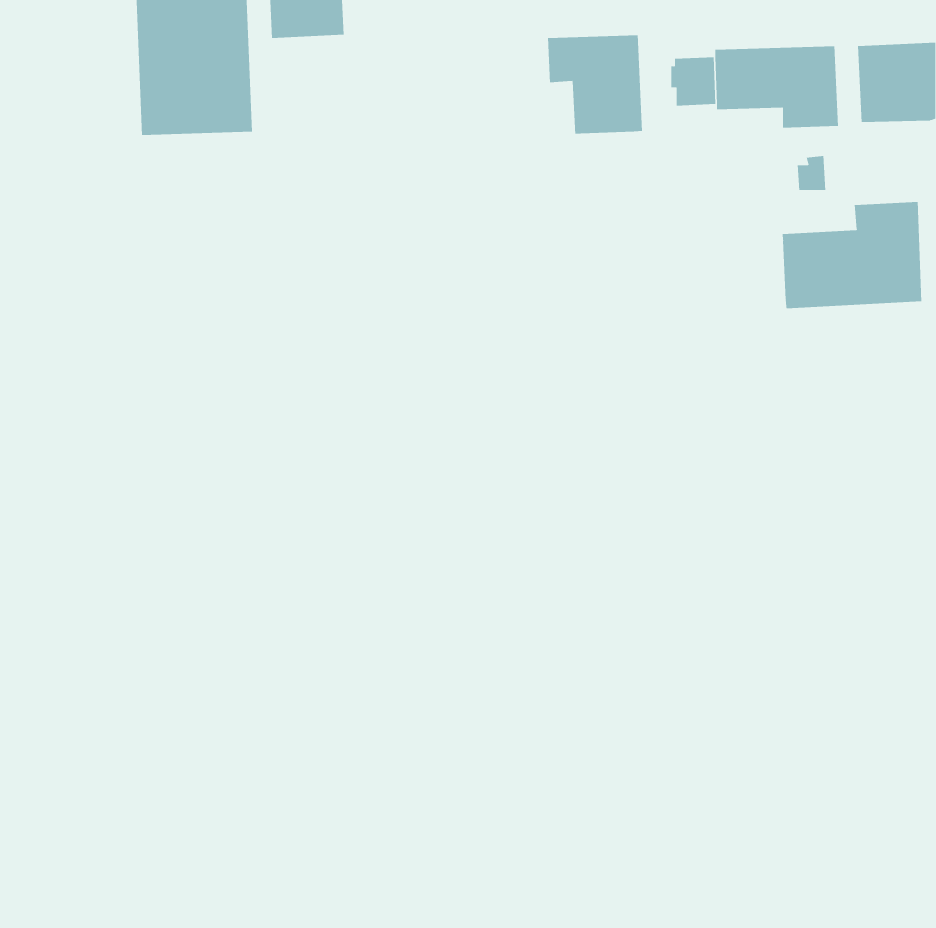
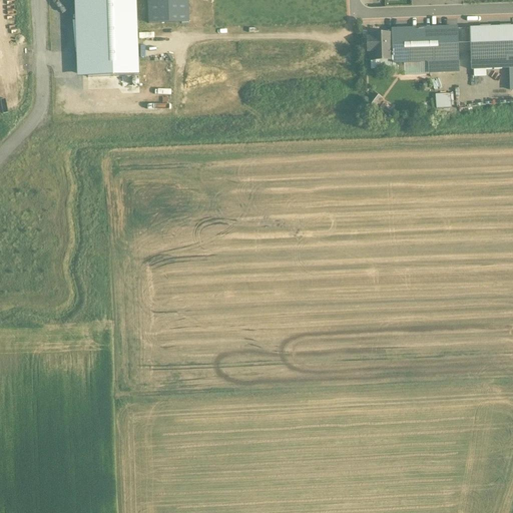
building: [548,34,643,135] -> none
building: [782,201,922,309] -> none

